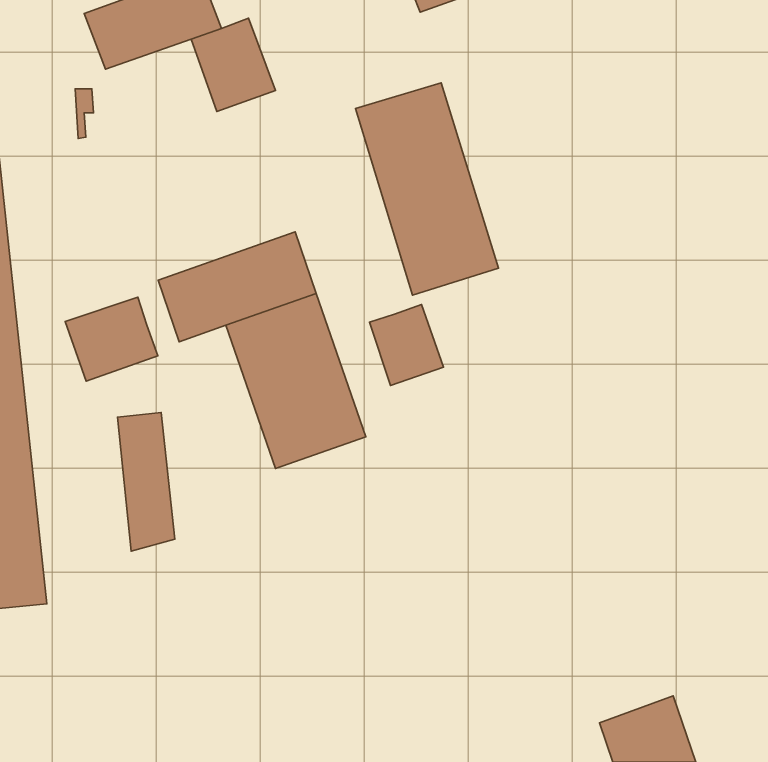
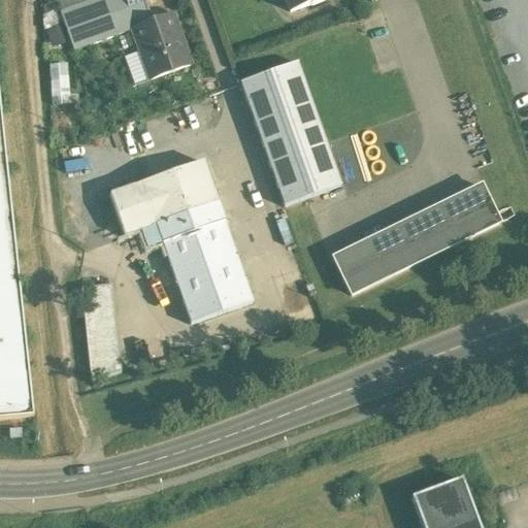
building: none -> [332,183,498,292]
building: [65,297,158,381] -> none
building: [370,305,443,386] -> none

